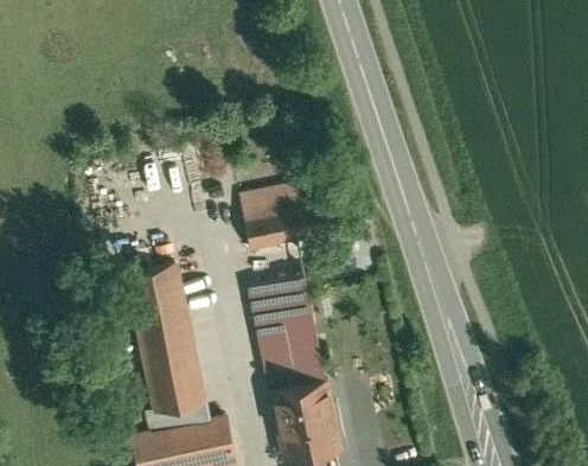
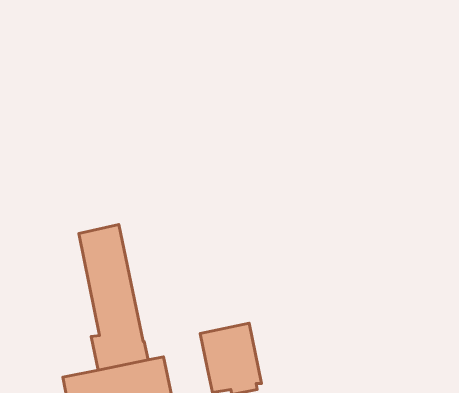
building: [241,184,343,249] -> none
building: [251,275,327,391] -> none

